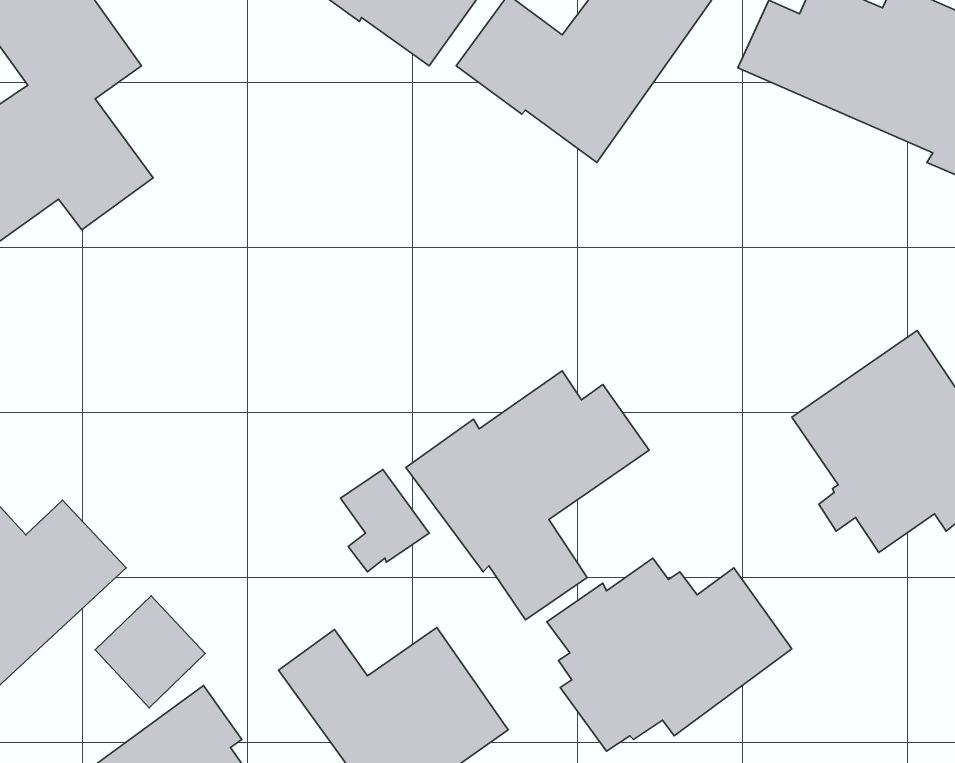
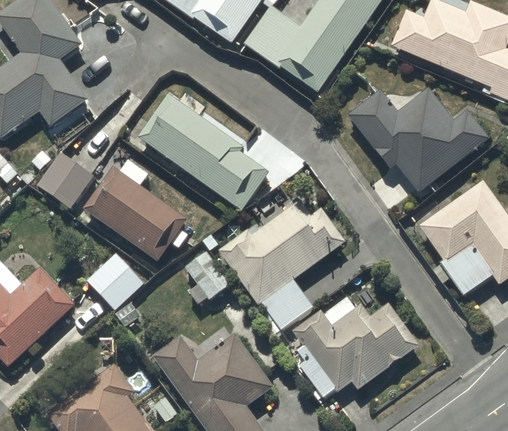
building: none -> [347,87,488,192]
building: none -> [135,91,268,211]
building: none -> [36,153,93,210]
building: none -> [81,160,187,262]
building: [95,596,205,708] -> [86,253,143,311]

